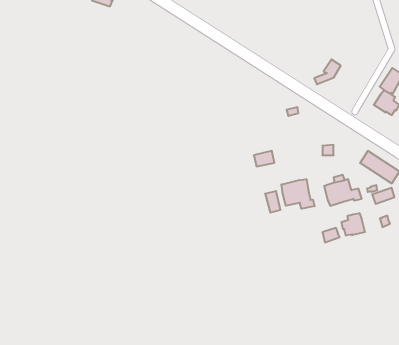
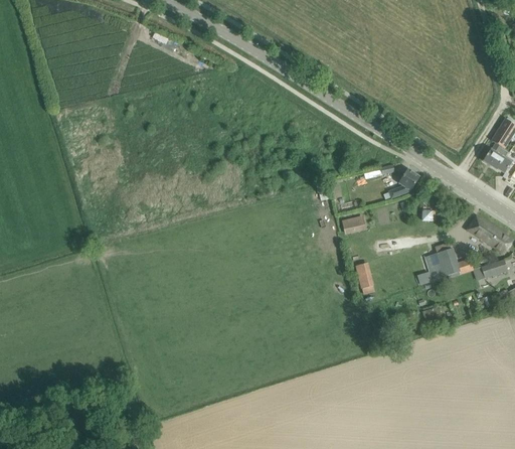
building: [314,59,341,84] -> [388,169,419,198]
building: [281,179,315,209] -> none
building: [342,213,365,236] -> none

